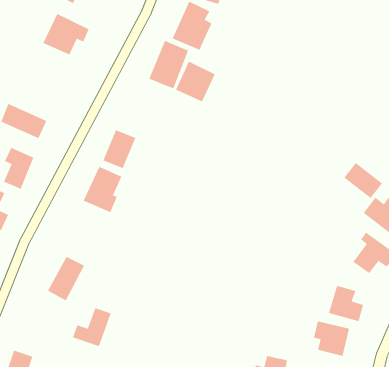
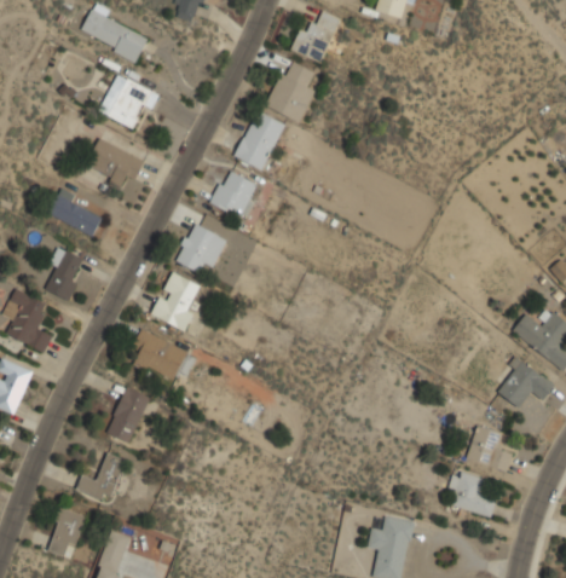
building: [175,61,216,102] -> [209,167,261,220]
building: none -> [86,139,145,184]
building: [343,162,383,199] -> none
building: none -> [132,330,189,383]
building: [72,308,112,347] -> [75,452,126,503]

